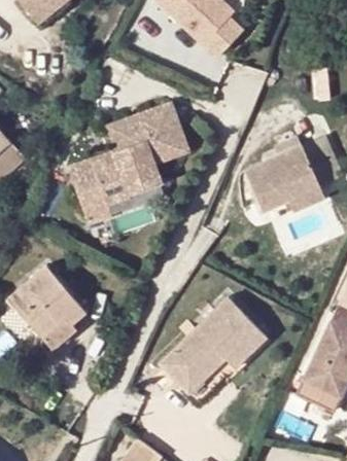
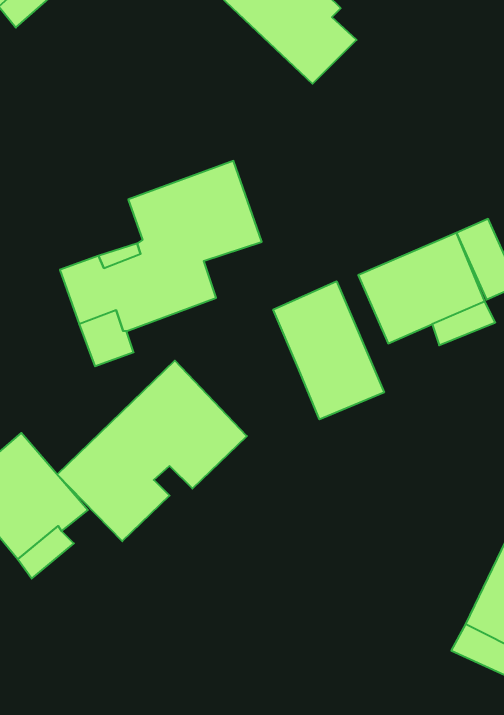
building: none -> [273,281,384,419]
building: [158,297,269,403] -> [57,361,247,541]

